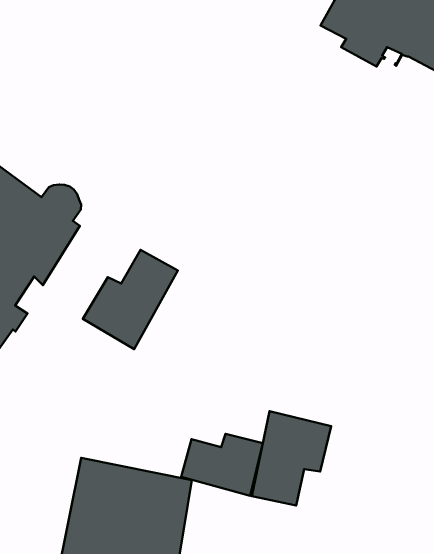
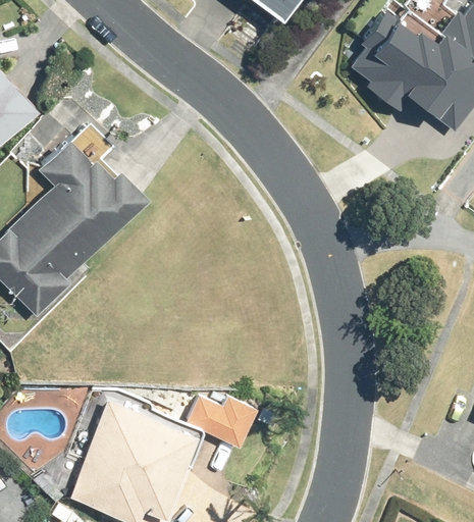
building: [83,250,178,349] -> none
building: [252,411,331,506] -> none

